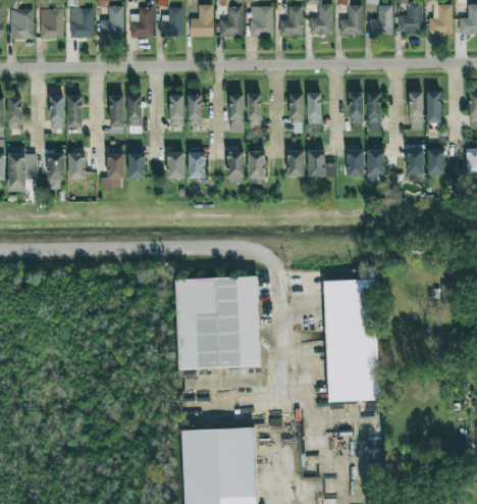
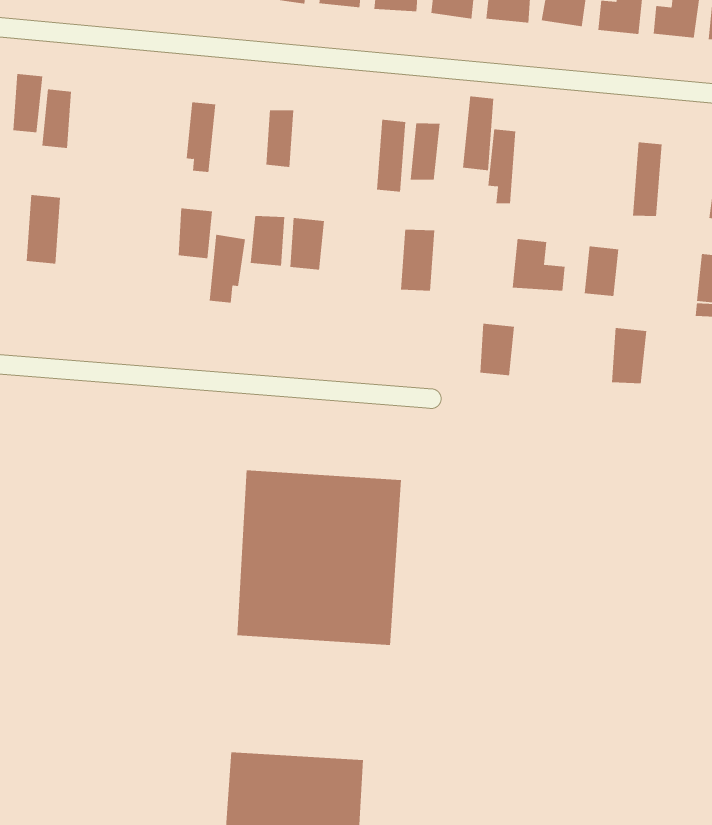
building: [349,92,363,122] -> none
building: [307,93,321,132] -> [462,96,494,171]
building: [188,94,202,125] -> none
building: [109,95,123,125] -> none
building: [67,96,82,127] -> [13,73,43,133]
building: [367,149,384,179] -> [611,327,647,384]
building: [286,150,304,177] -> [479,323,515,376]
building: [227,151,244,182] -> none
building: [68,152,86,179] -> none
building: [108,152,124,188] -> [209,234,246,303]
building: [324,279,378,401] -> none

